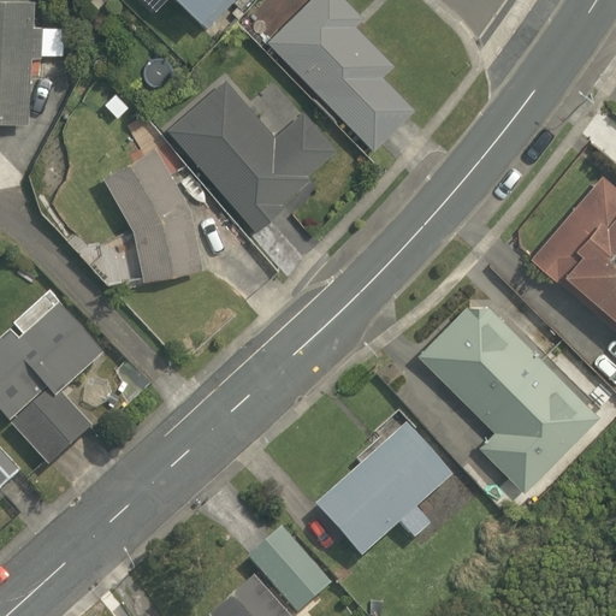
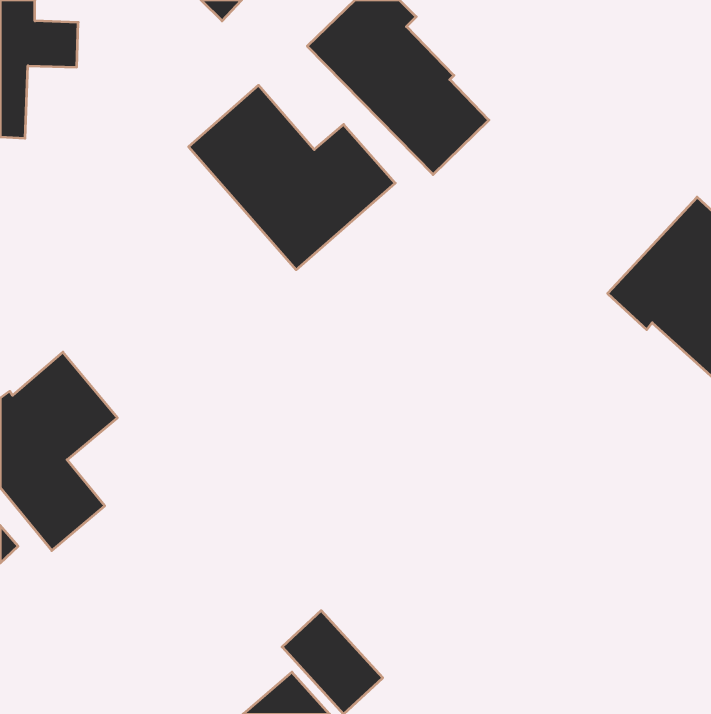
building: [99,142,201,278] -> none
building: [413,288,600,491] -> none
building: [314,427,449,557] -> none

